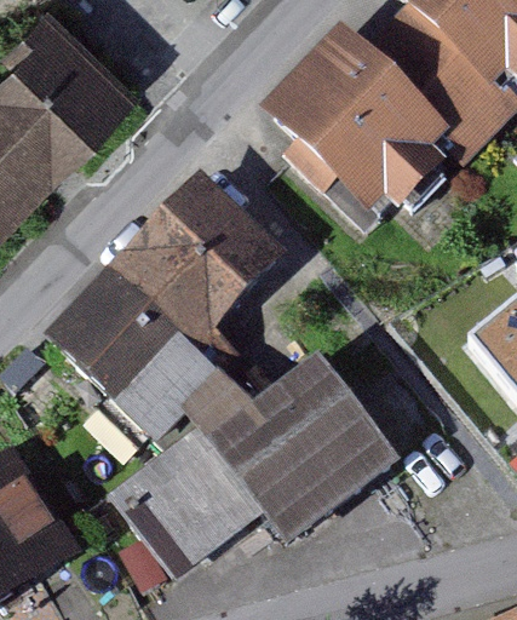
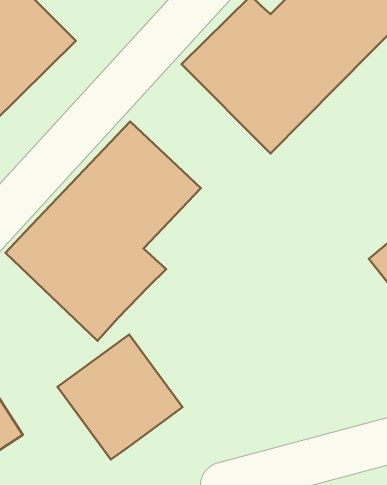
building: [182,366,391,544] -> none

